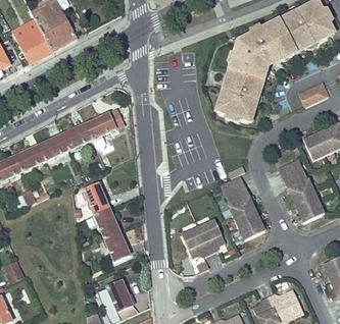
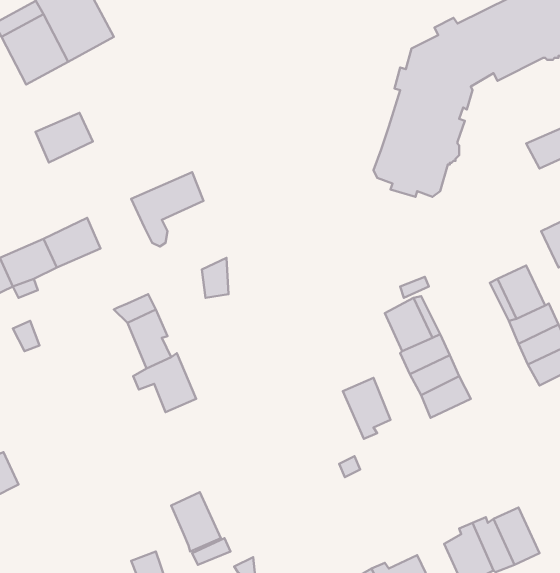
building: [61,123,92,150] -> [36,113,93,162]
building: [182,226,209,256] -> none
building: [103,230,127,261] -> none

